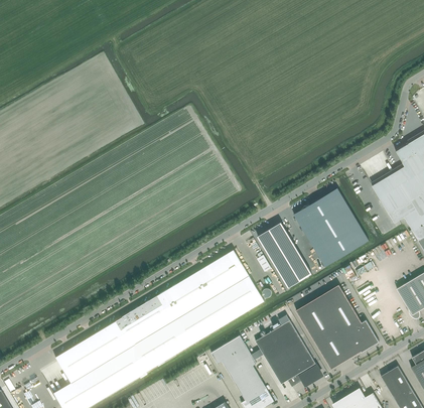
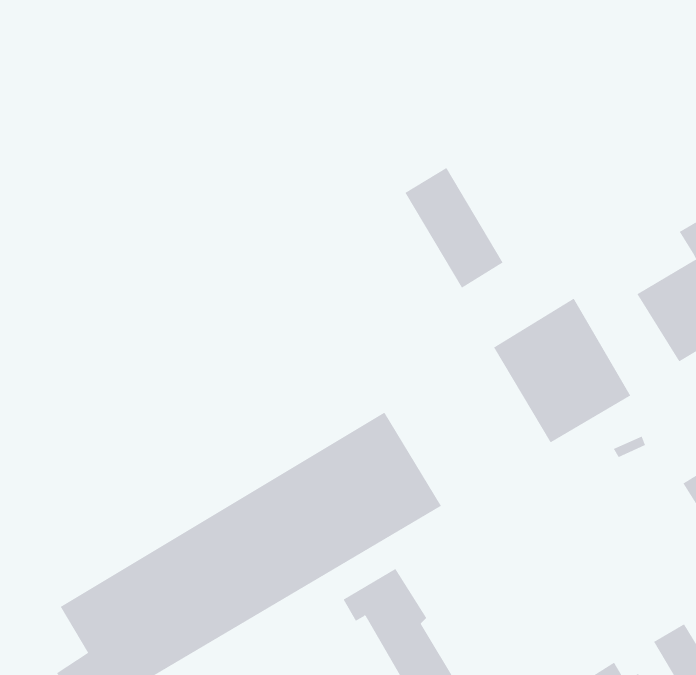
building: [249,227,303,293] -> [404,167,504,288]
building: [296,284,379,369] -> none
building: [256,320,321,384] -> none

